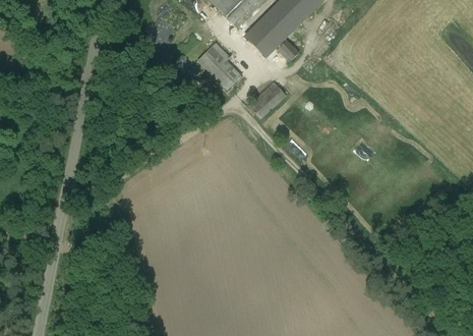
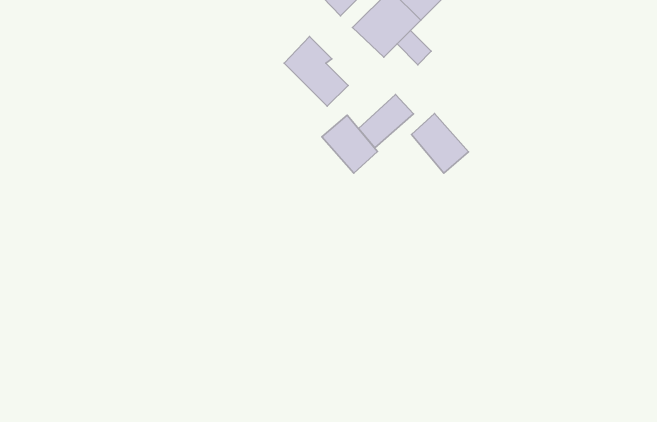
building: none -> [412,113,469,173]
building: none -> [322,115,378,173]

